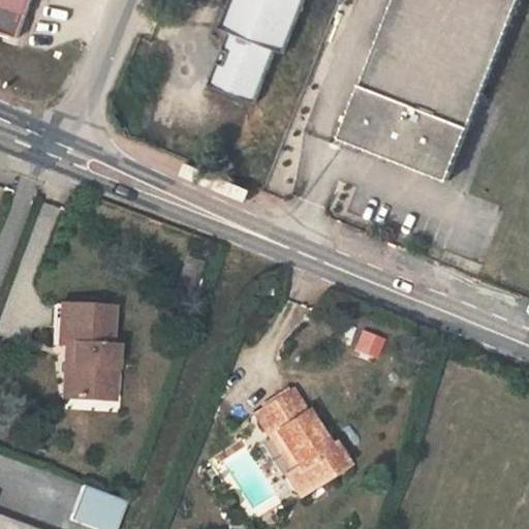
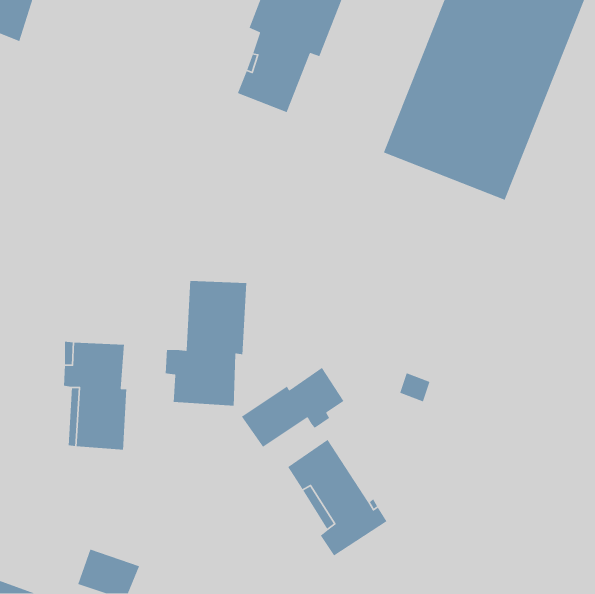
building: none -> [165,280,247,406]
building: none -> [241,367,345,448]

